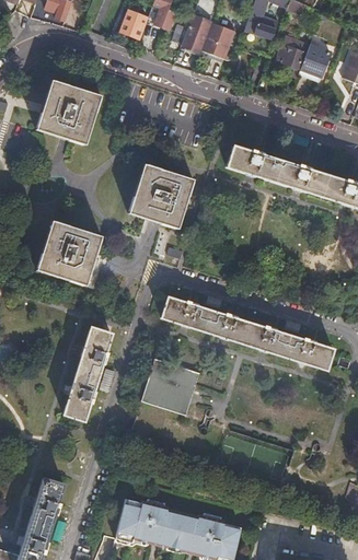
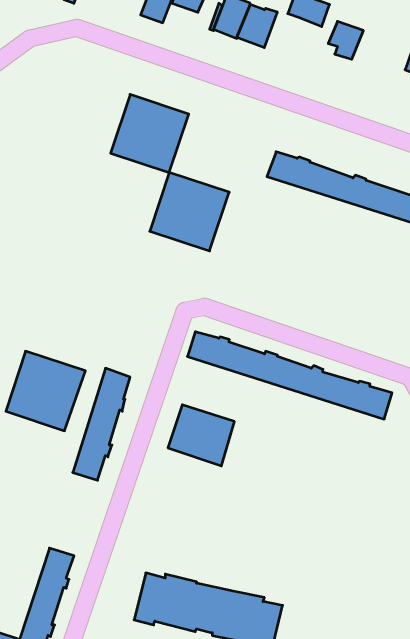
building: [299,45,331,82] -> none
building: [36,78,102,143] -> [111,94,189,173]
building: [36,219,103,285] -> [6,351,85,431]

